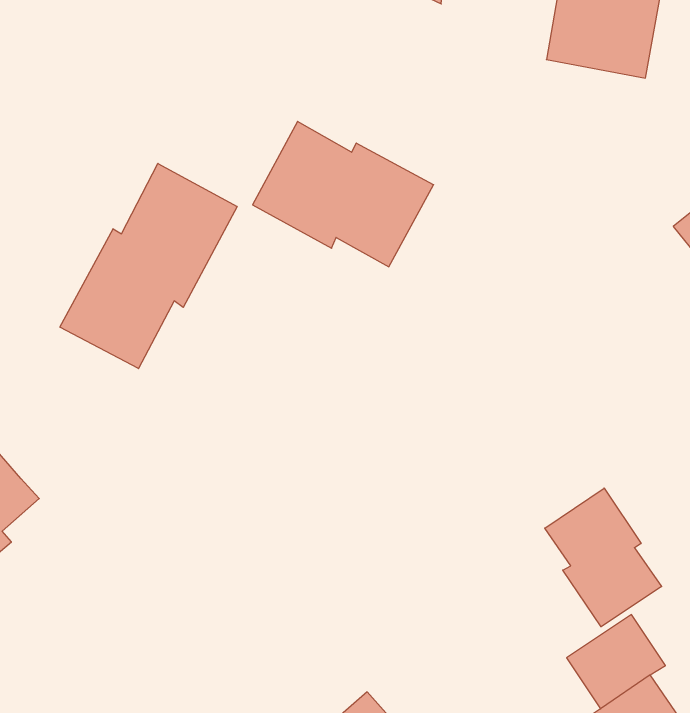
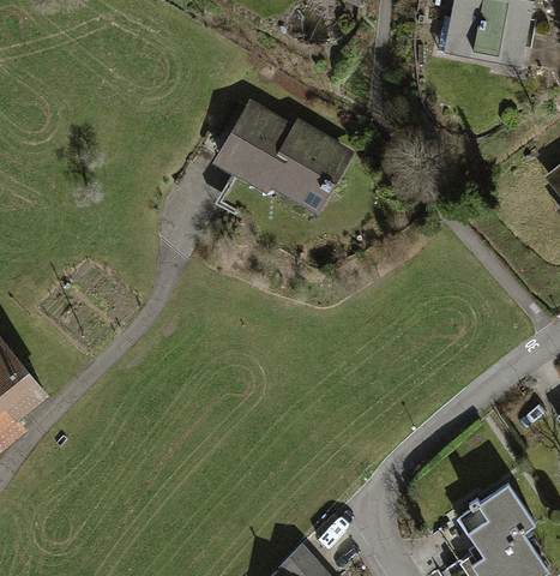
building: [60,163,237,369] -> none
building: [545,488,662,627] -> none

